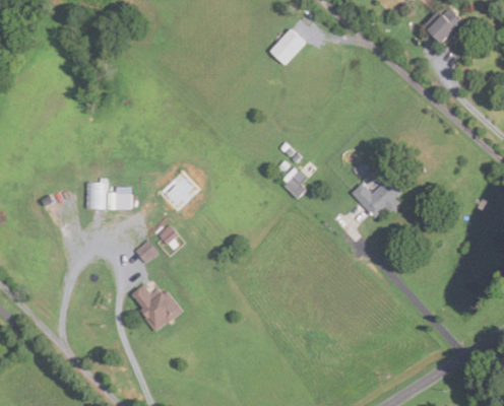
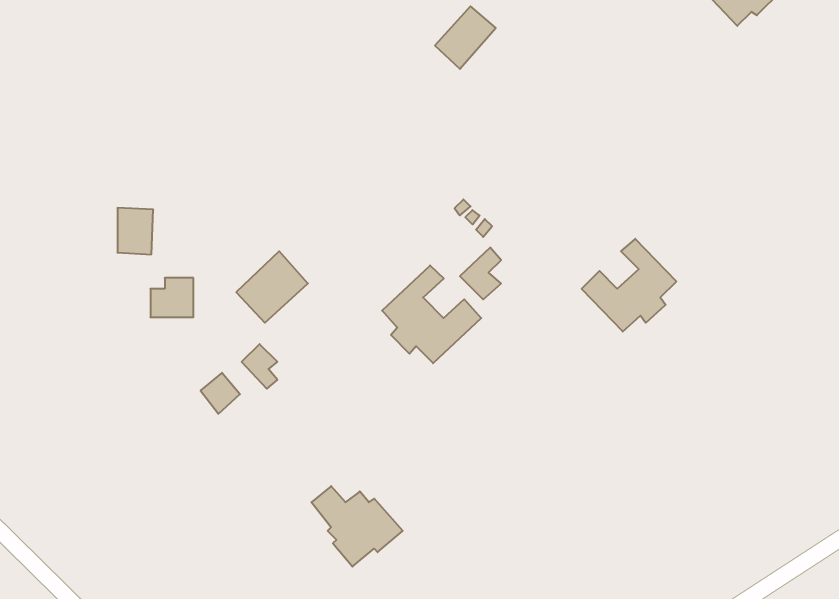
building: none -> [382,265,481,363]
building: [86,182,107,208] -> [117,208,153,254]
building: [131,284,183,330] -> [311,486,403,567]

